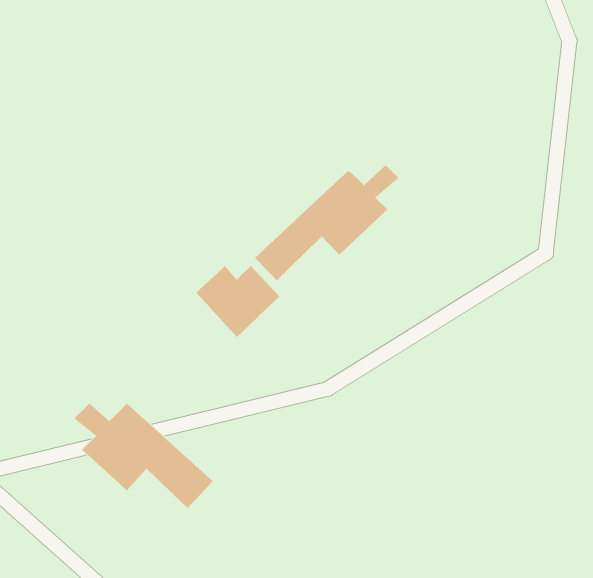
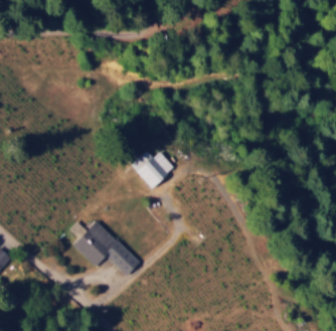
building: [254,165,399,281] -> none

